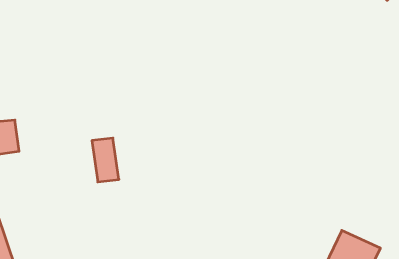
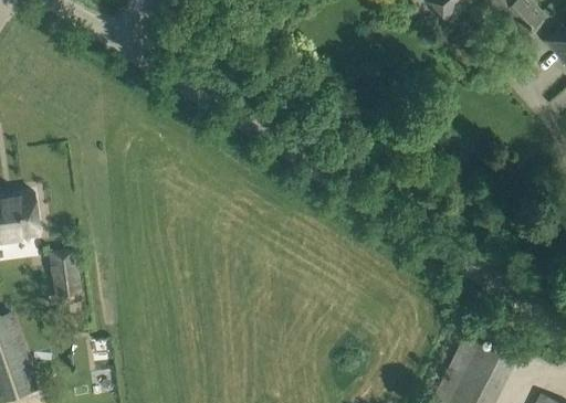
building: [92,138,119,182] -> [49,250,84,307]

